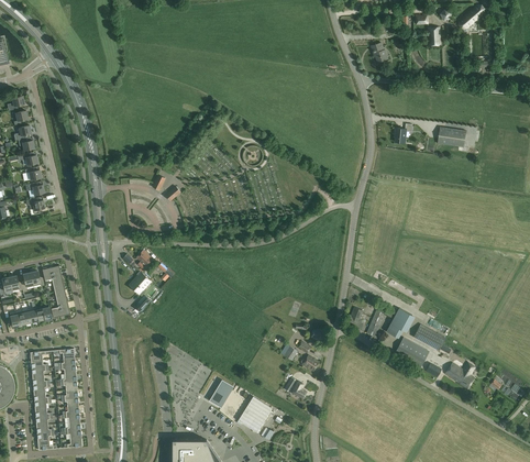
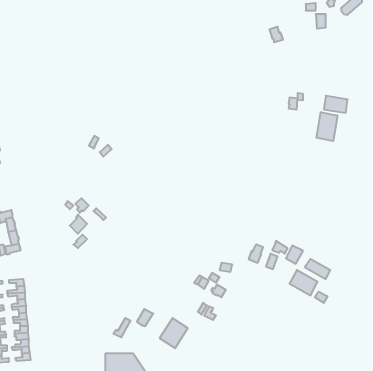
building: none -> [317,112,337,141]
building: [445,362,475,388] -> none

